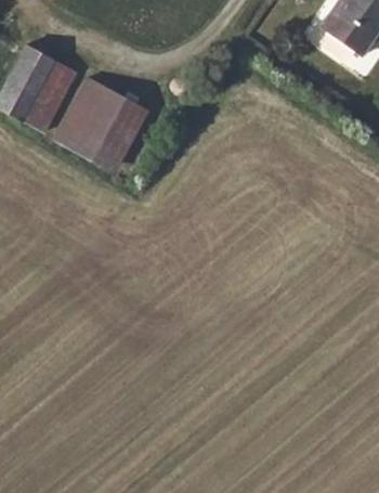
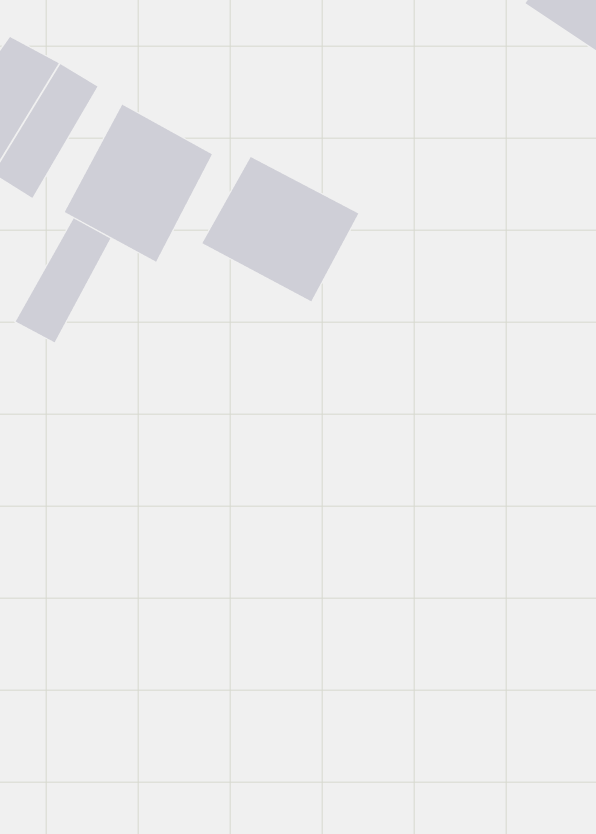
building: none -> [202,156,359,302]
building: none -> [15,217,111,343]

